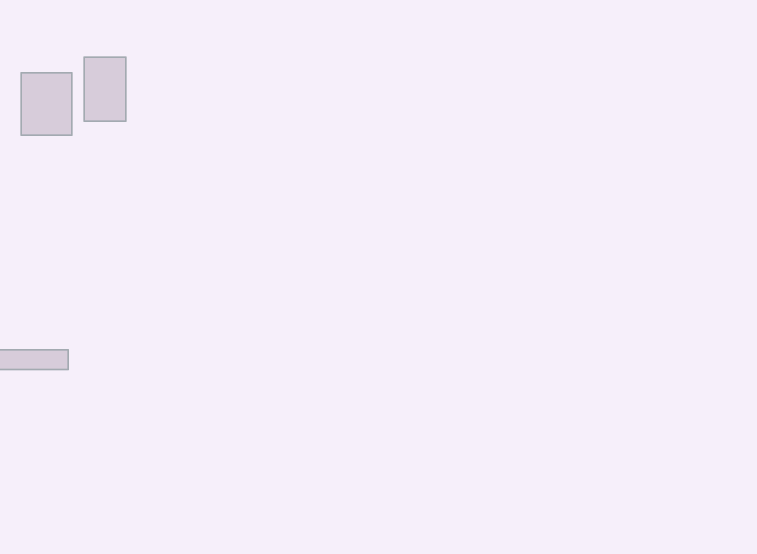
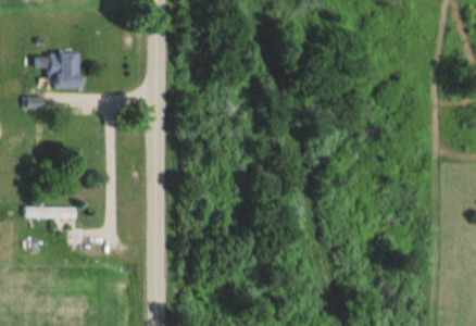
building: [84,57,126,121] -> none

